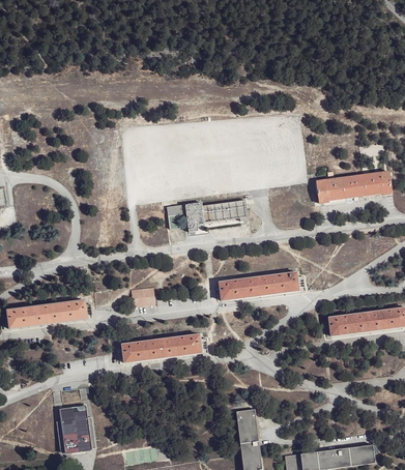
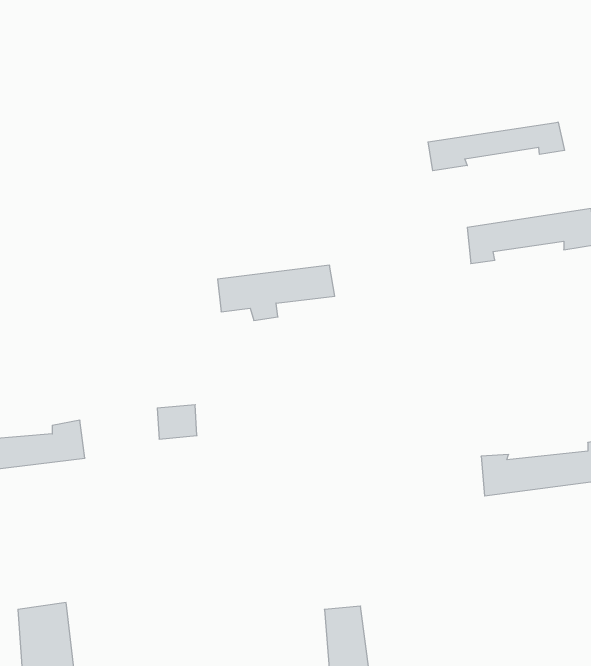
building: none -> [428,122,565,171]
building: [220,270,293,305] -> none
building: [125,332,204,364] -> none

